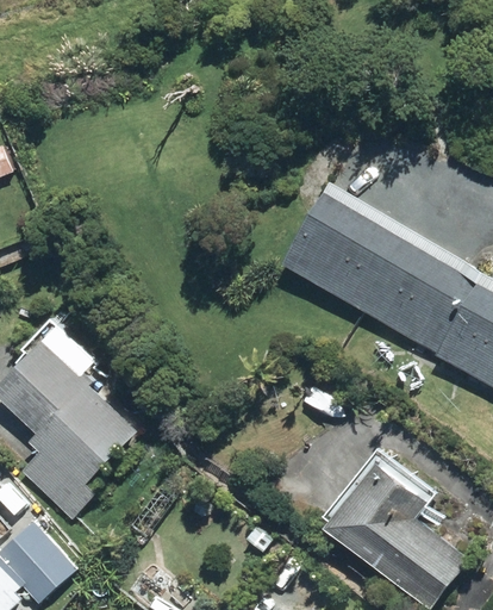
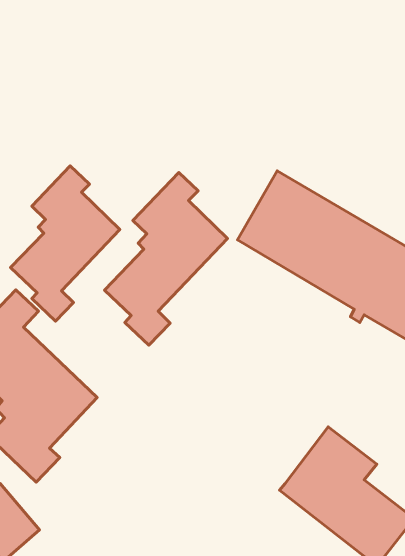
building: none -> [11,166,120,321]
building: none -> [104,172,227,345]

